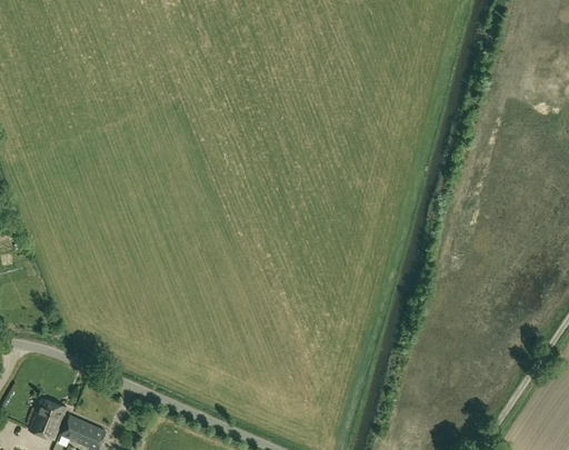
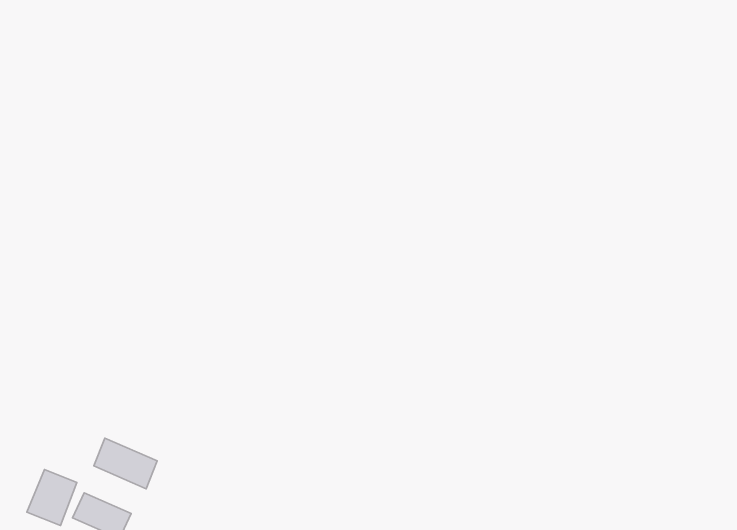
building: none -> [94,438,157,489]

